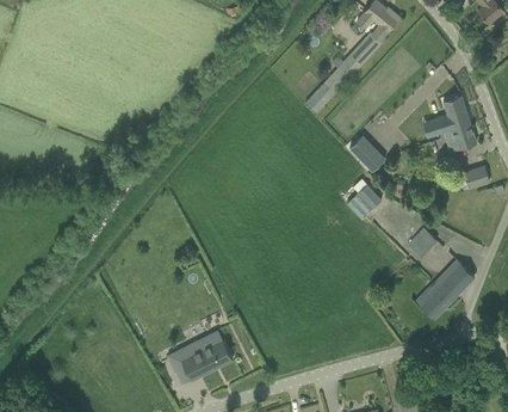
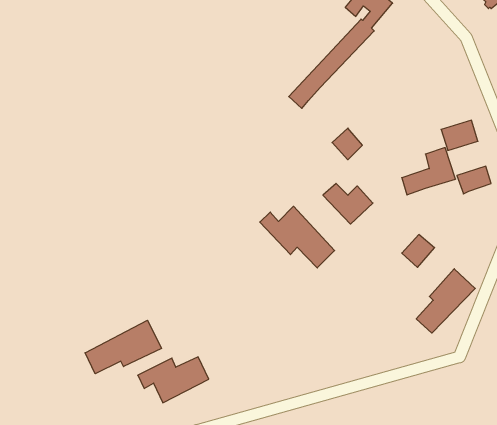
building: [422,96,471,139] -> [402,148,456,195]
building: none -> [260,206,335,268]
building: none -> [85,320,162,374]

